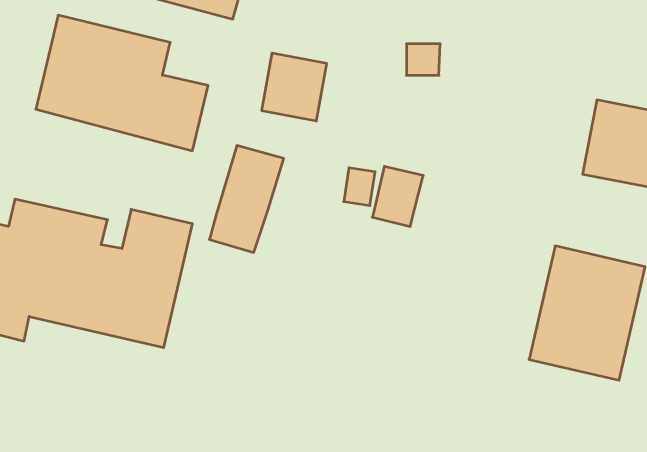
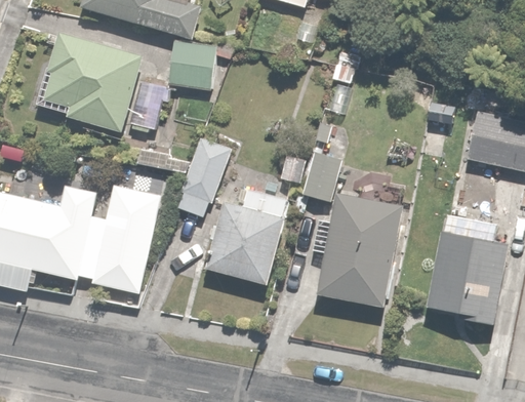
building: [262,53,327,121] -> [167,37,218,90]
building: none -> [204,189,290,287]
building: none -> [311,196,405,309]

